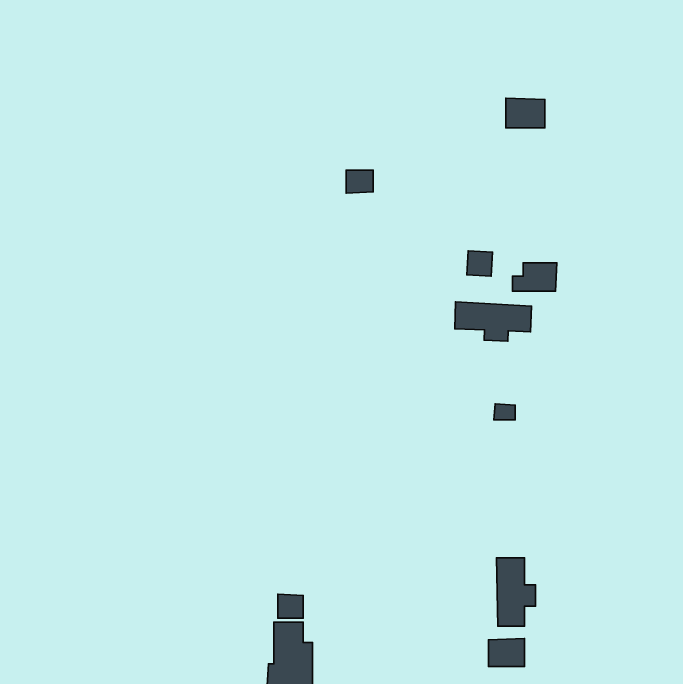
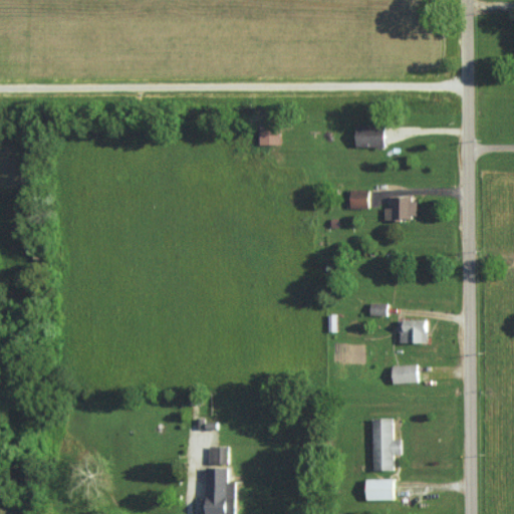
building: [506,98,545,128] -> [355,124,384,147]
building: [455,302,531,341] -> none
building: none -> [398,319,426,342]
building: none -> [392,364,417,383]

